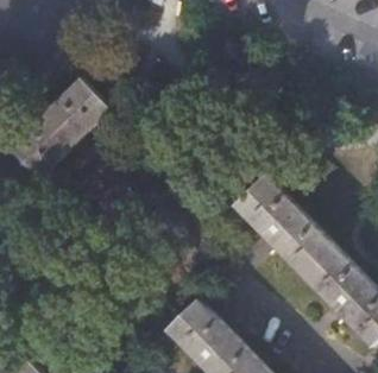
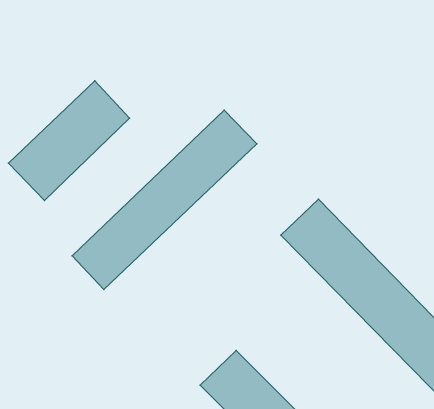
building: none -> [72,110,257,289]

